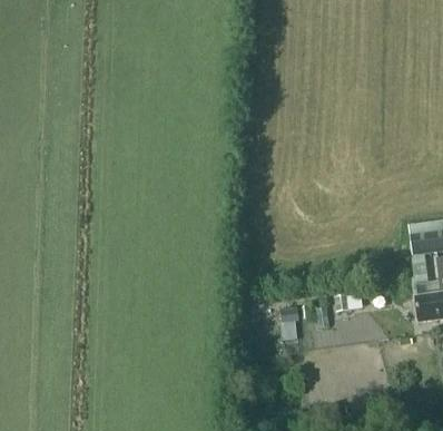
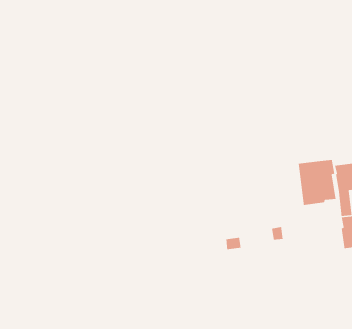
building: none -> [298,159,336,206]

